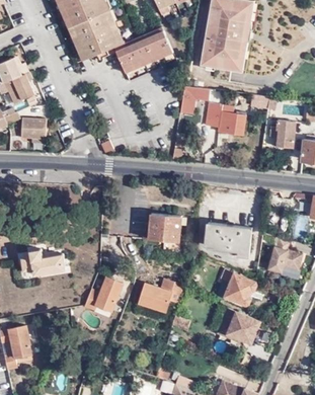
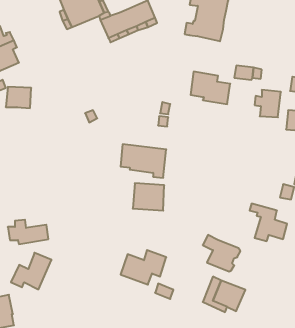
building: [180,87,209,116] -> none
building: [204,223,249,256] -> [121,144,166,178]
building: [80,276,121,313] -> [11,253,52,289]

